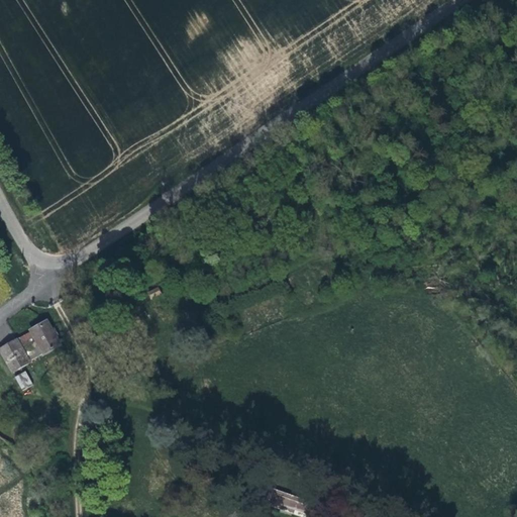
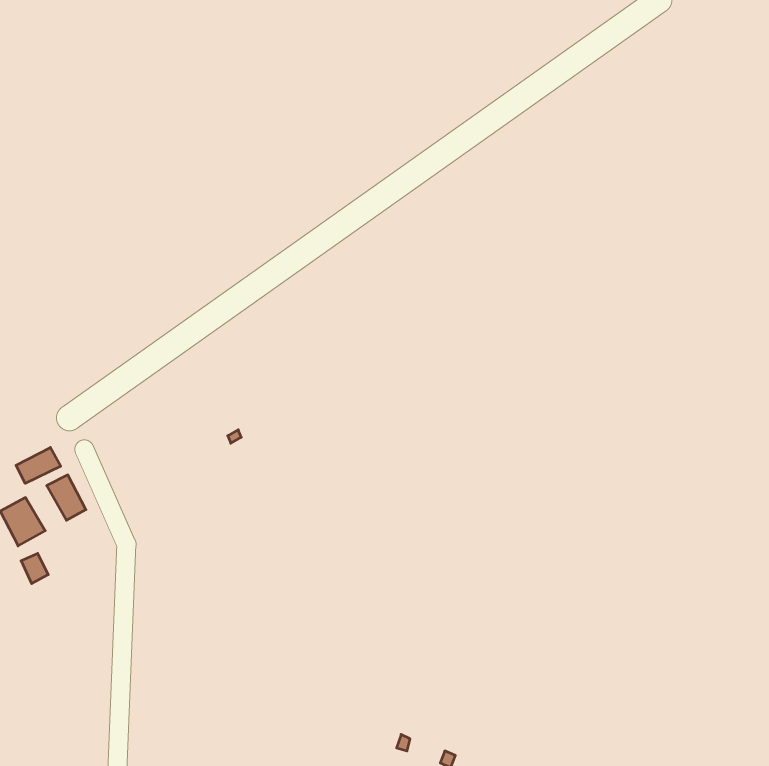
building: none -> [16,447,61,483]

